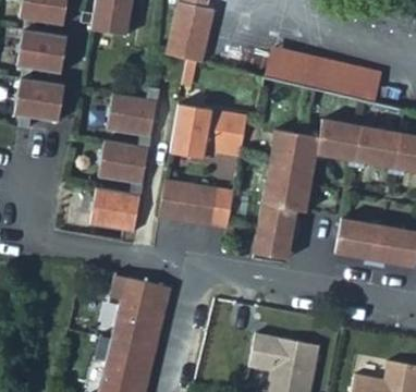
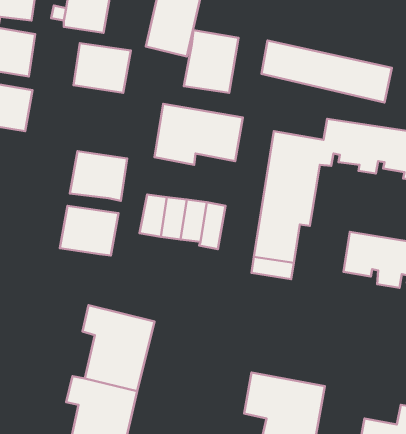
building: none -> [184,30,239,93]
building: [106,94,156,137] -> [73,43,131,93]

